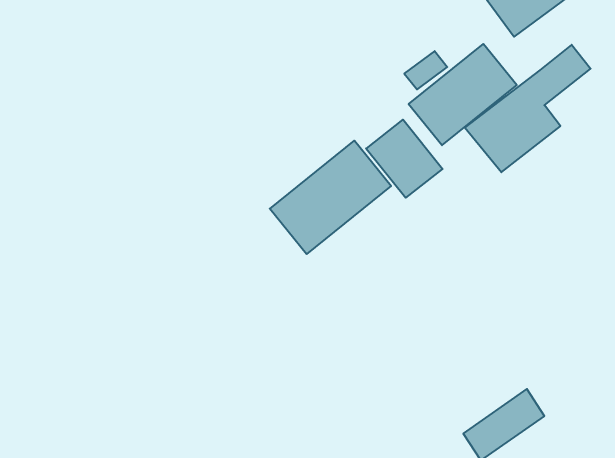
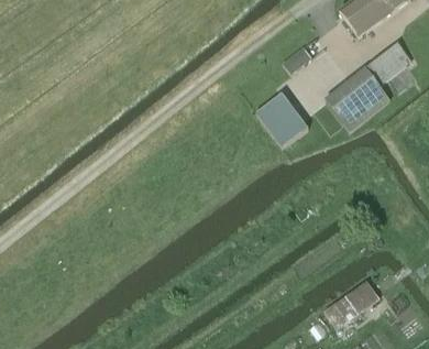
building: [409,44,517,145] -> none
building: [270,141,391,254] -> none

